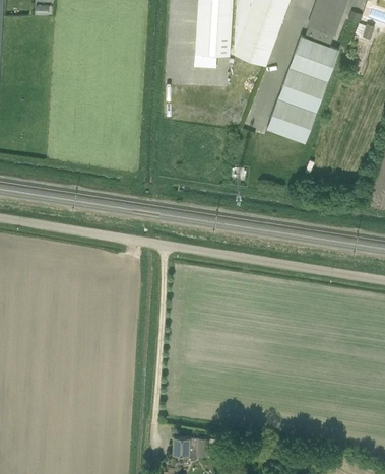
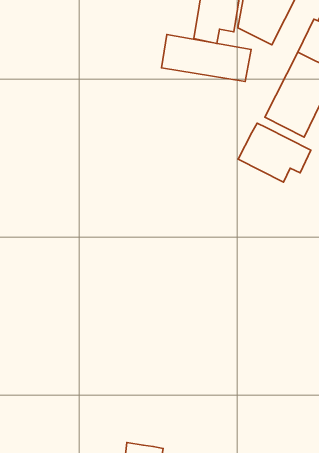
building: none -> [162,35,251,81]
building: none -> [238,123,311,182]

